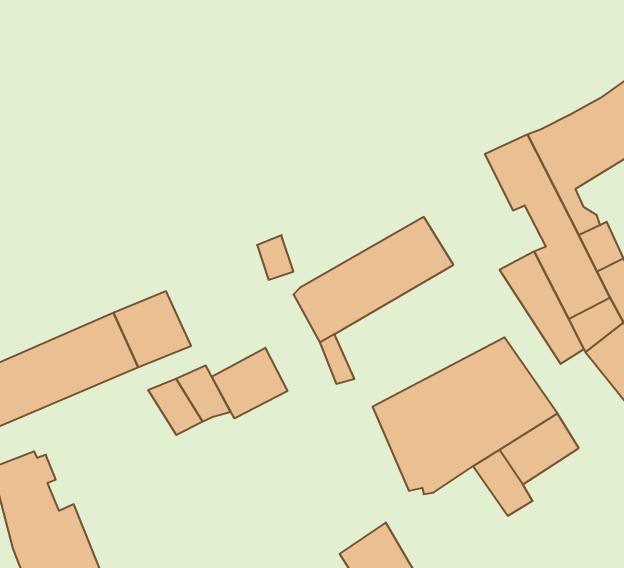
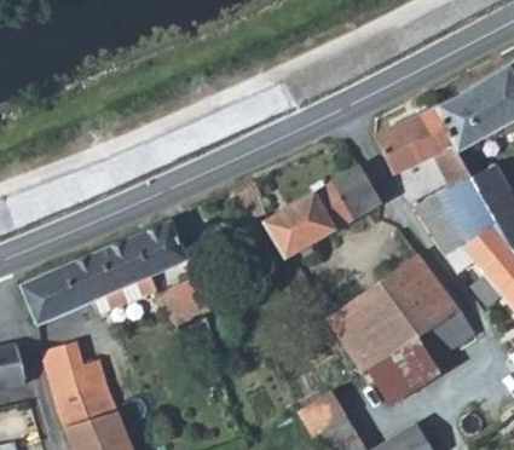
building: none -> [375,121,425,178]
building: [212,348,287,418] -> none
building: none -> [366,350,421,405]

